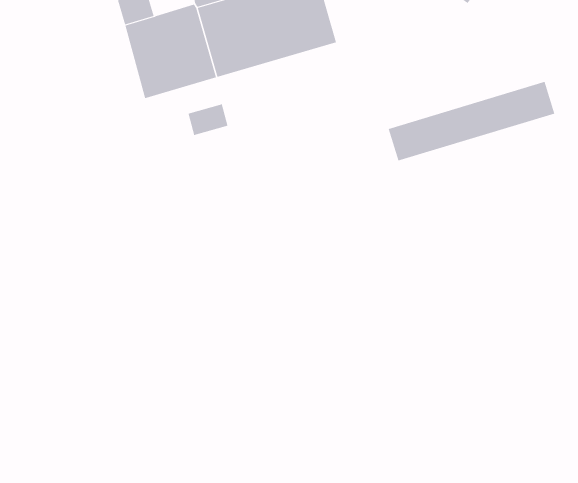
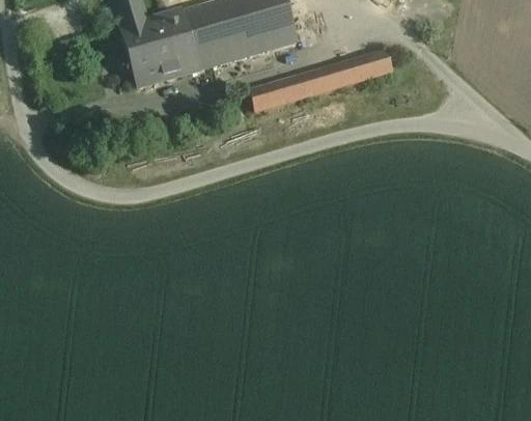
building: [388,81,555,161] -> [245,46,384,112]
building: [188,103,228,136] -> none

